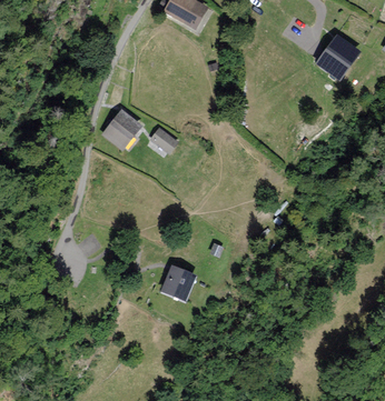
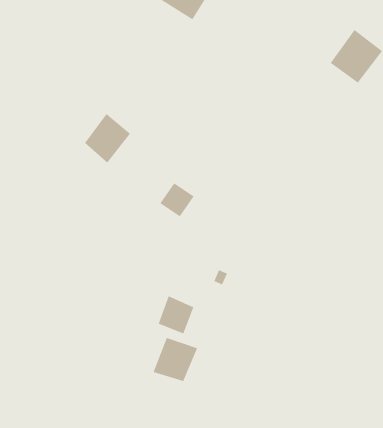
building: [147,126,177,156] -> [160,182,194,217]
building: none -> [153,337,198,382]

